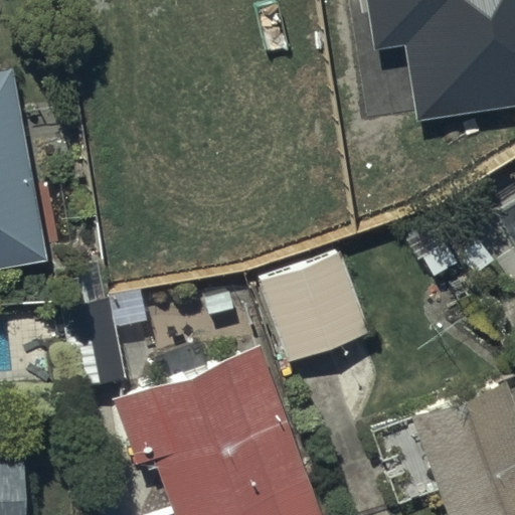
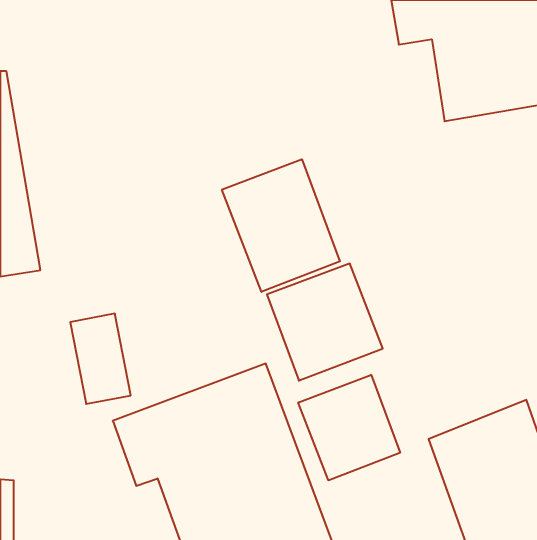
building: none -> [222,159,340,292]
building: none -> [298,375,400,480]

